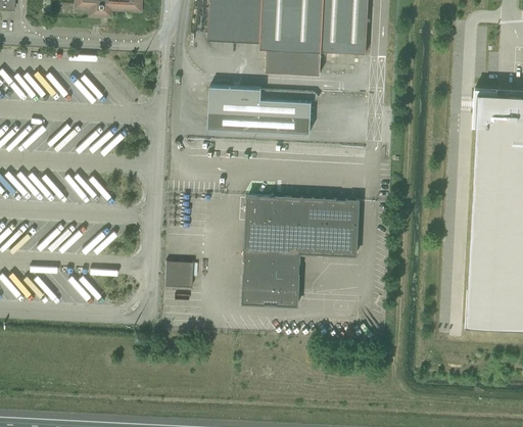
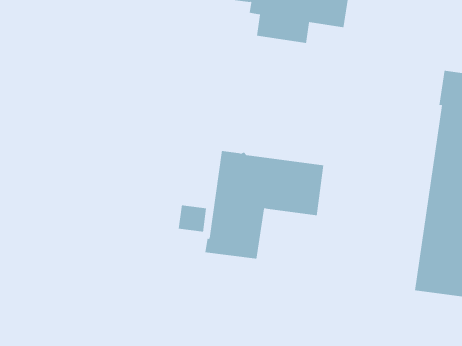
building: [208,87,320,134] -> none
building: [164,262,193,288] -> [178,205,207,232]

